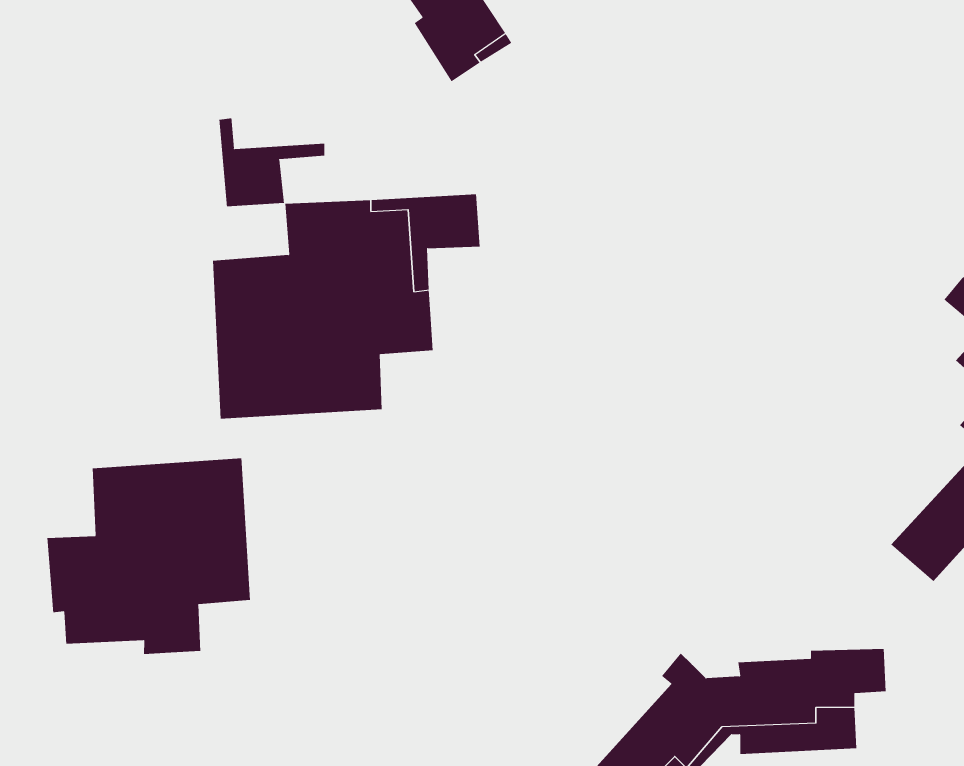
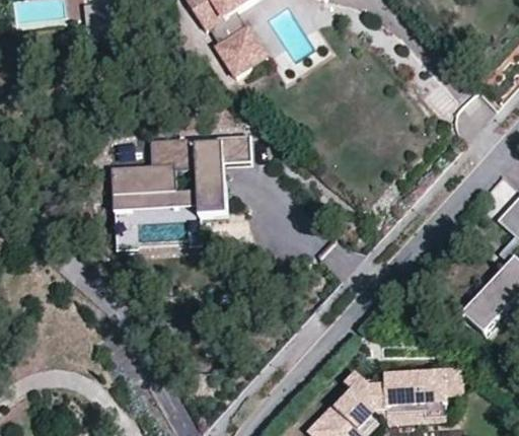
building: [219,118,325,207] -> none
building: [47,457,250,655] -> none

